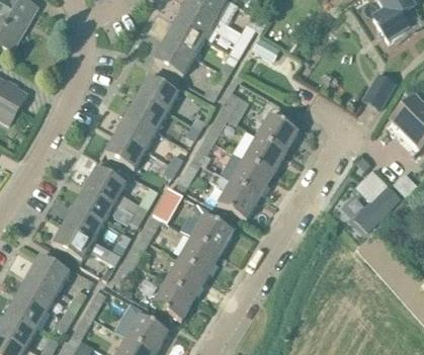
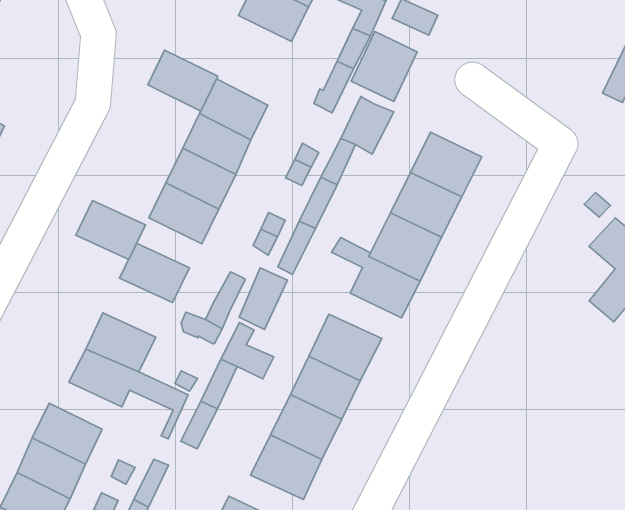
building: [154,38,194,75] -> [148,50,218,111]
building: none -> [351,32,417,102]
building: [75,184,115,219] -> [76,200,146,260]

